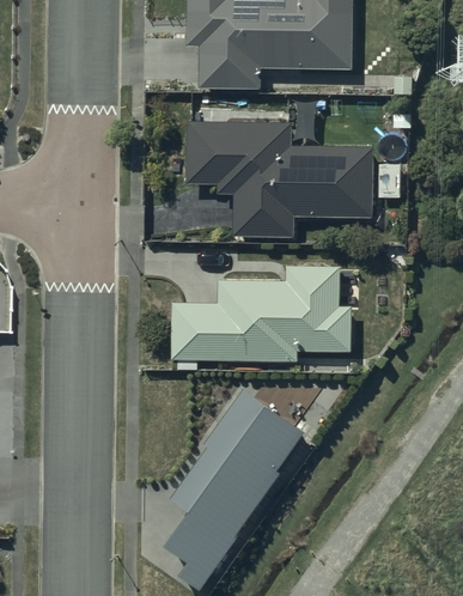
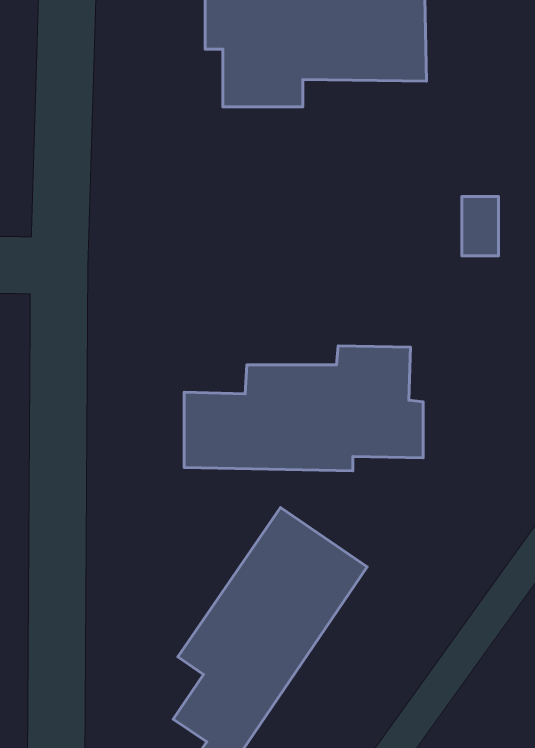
building: [187,121,372,235] -> none

